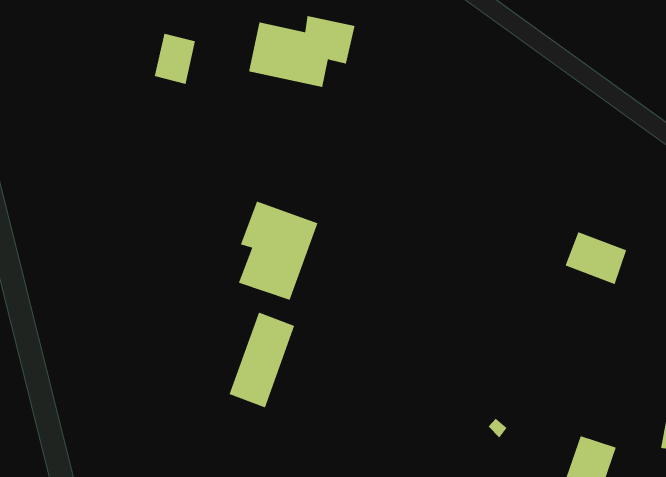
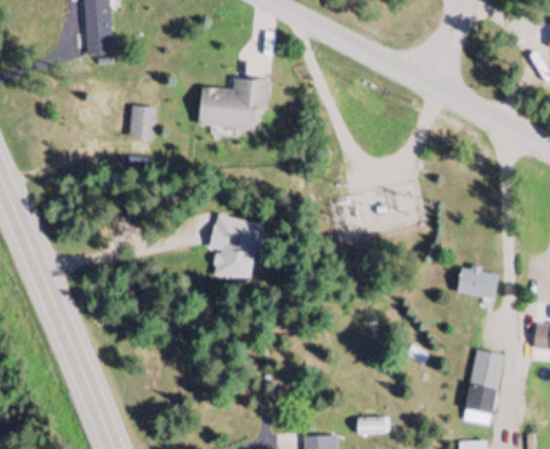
building: [565,231,627,285] -> [456,266,499,301]
building: [228,311,295,408] -> none

